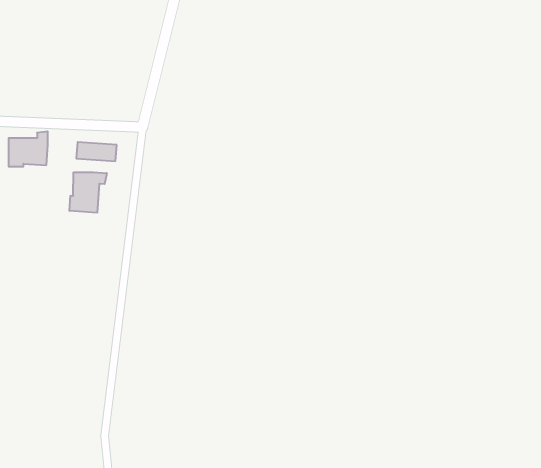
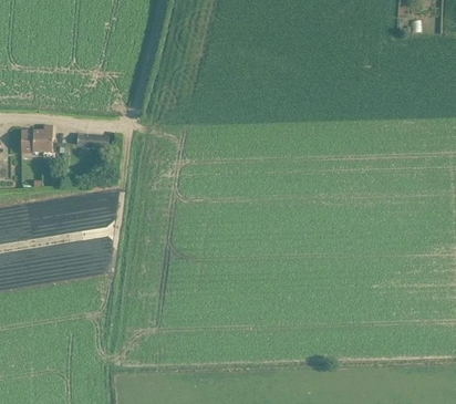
building: [70,172,107,213] -> none

